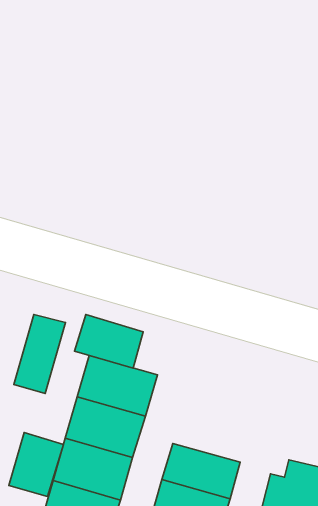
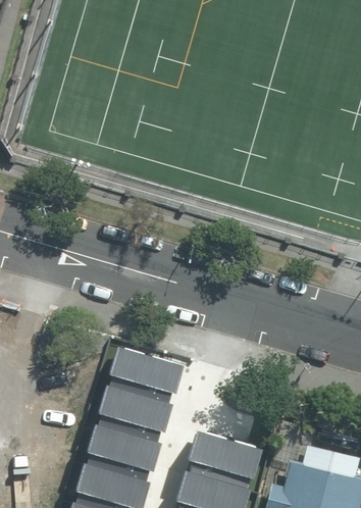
building: [14,315,66,394] -> none
building: [75,315,143,368] -> none
building: [9,433,63,496] -> none

